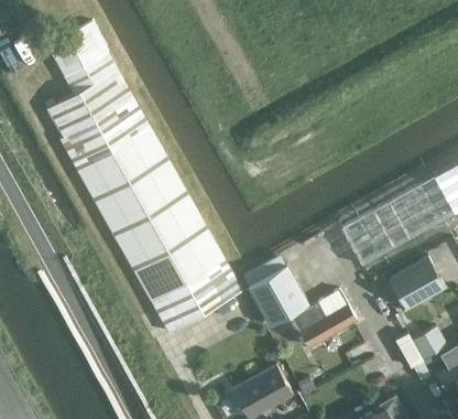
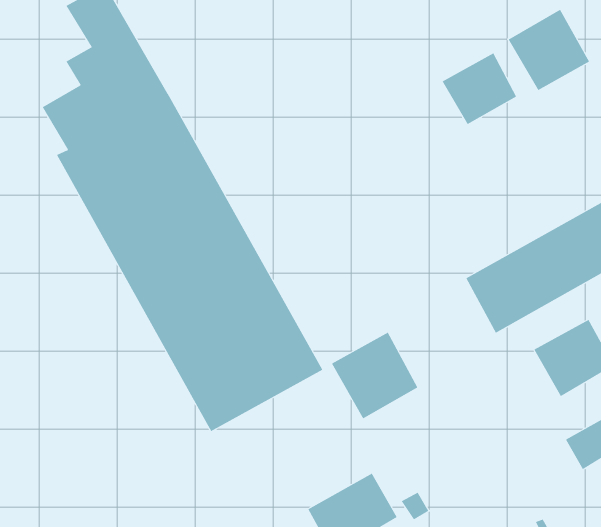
building: none -> [508,9,590,91]
building: none -> [442,52,517,125]
building: [292,290,358,348] -> none

